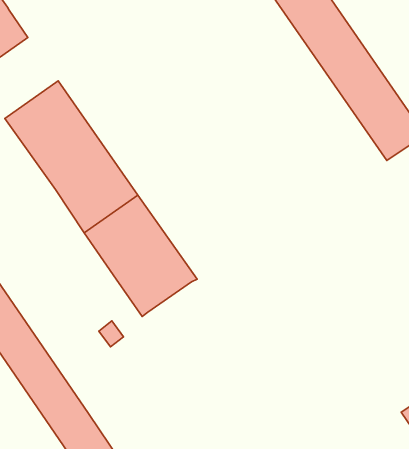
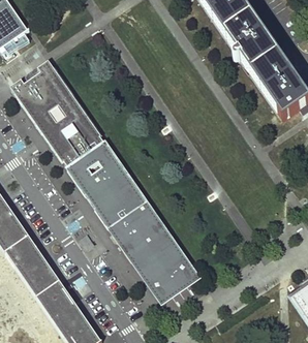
building: none -> [113,204,195,298]

